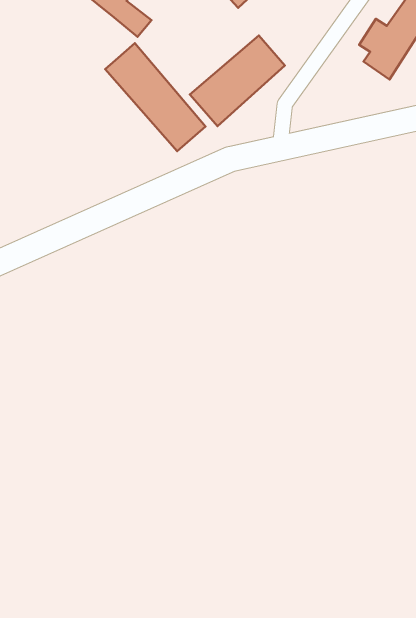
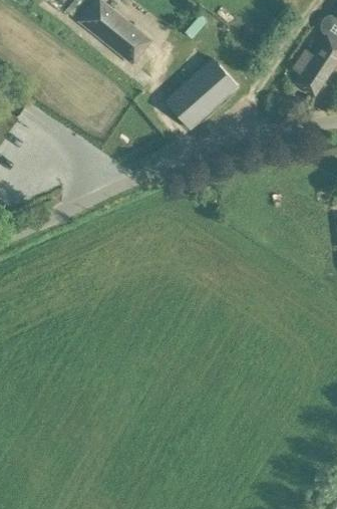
building: [105,43,205,151] -> none

